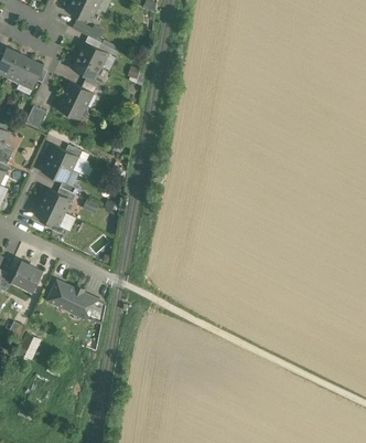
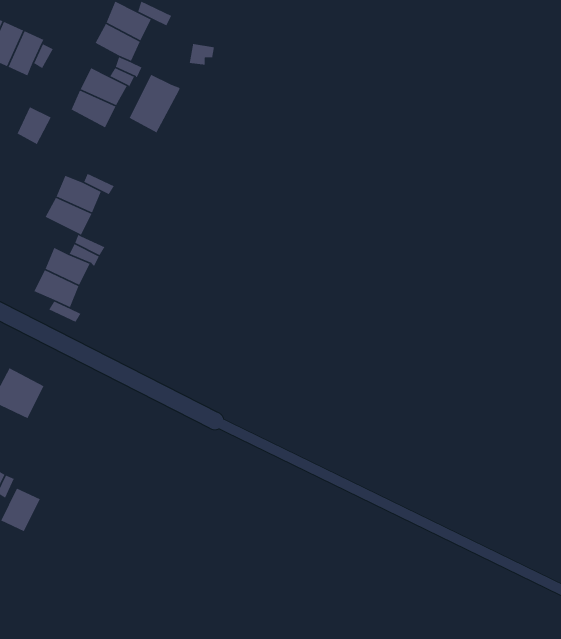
building: none -> [129,74,181,133]
building: [47,281,106,323] -> none

